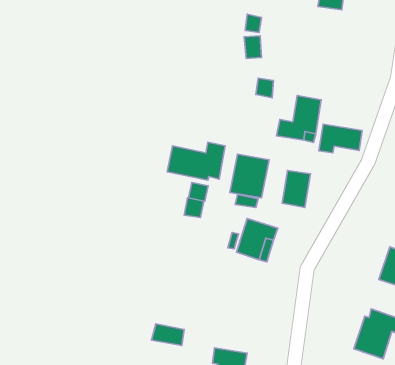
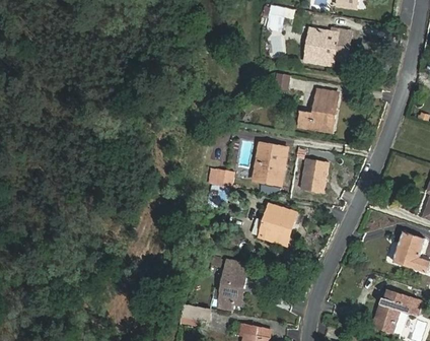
building: none -> [305,29,349,64]
building: [319,124,362,153] -> none
building: [167,142,225,180] -> none
building: none -> [216,260,248,310]

